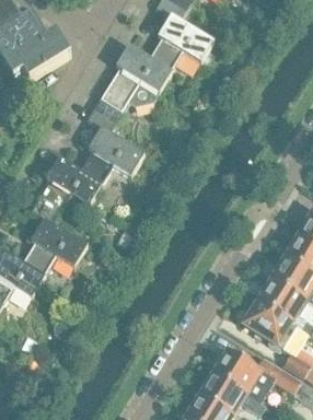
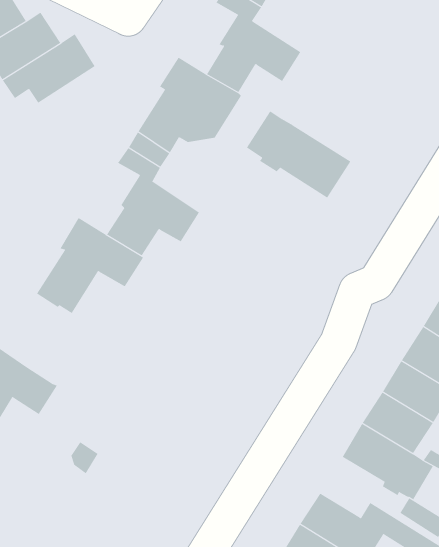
building: none -> [246,111,351,198]
building: [22,220,85,275] -> none

